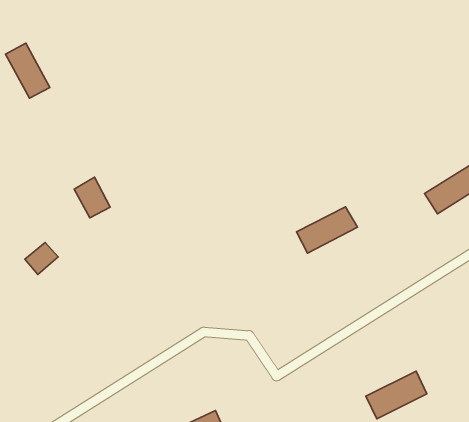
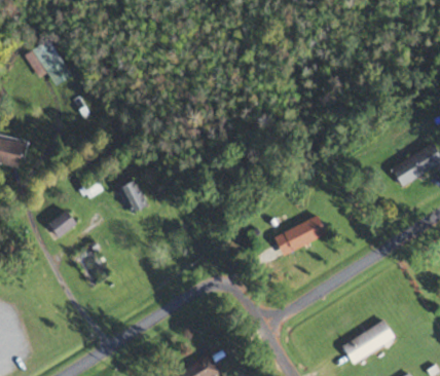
building: [74,177,110,218] -> [116,181,147,216]
building: [297,207,358,253] -> [276,216,328,256]

